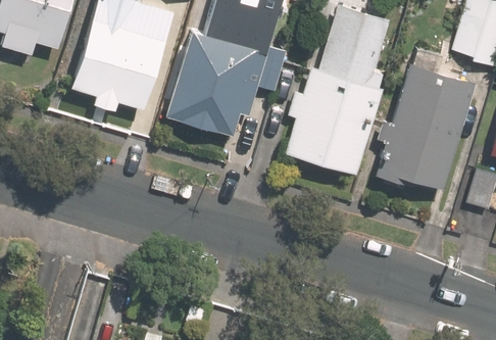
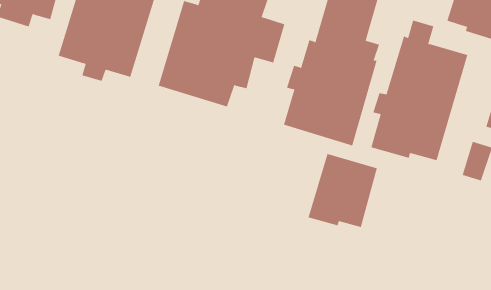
building: none -> [308,153,378,228]

